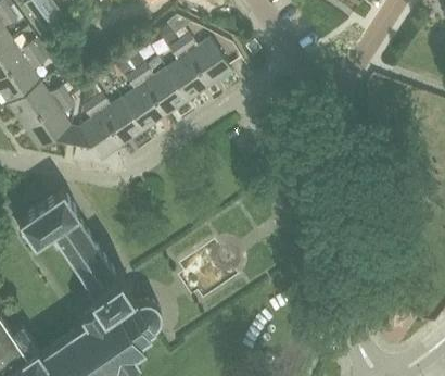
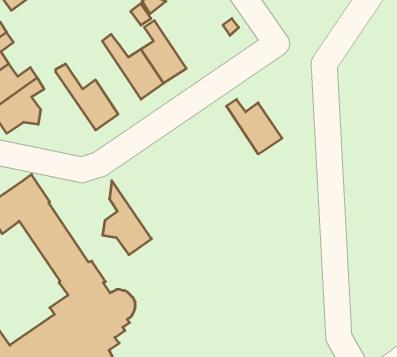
building: [180,34,233,86] -> [226,99,282,154]
building: [116,55,167,129] -> none
building: [77,89,124,160] -> [103,181,152,255]

